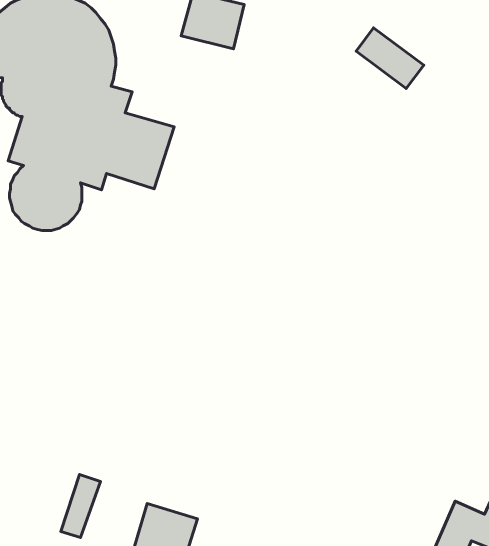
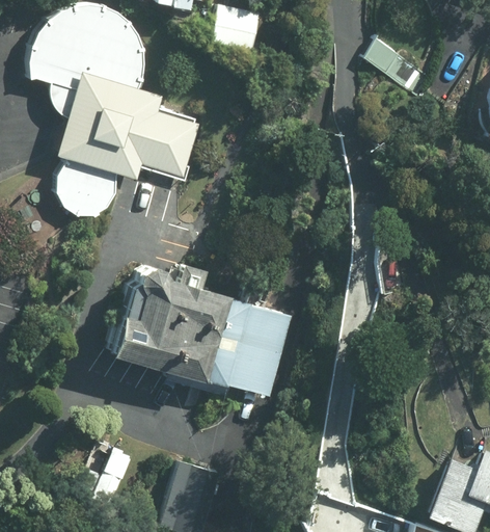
building: none -> [105,260,291,398]

